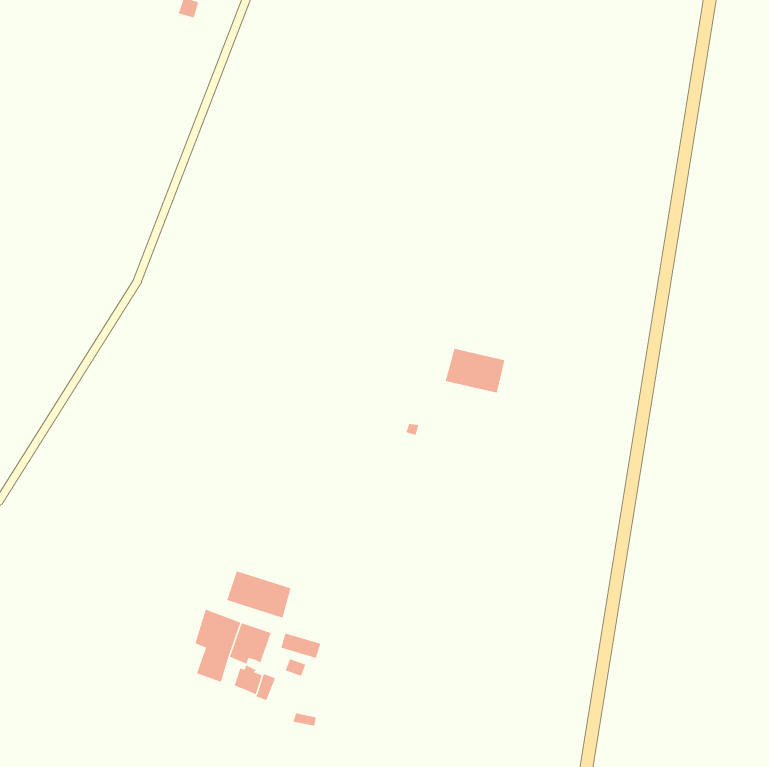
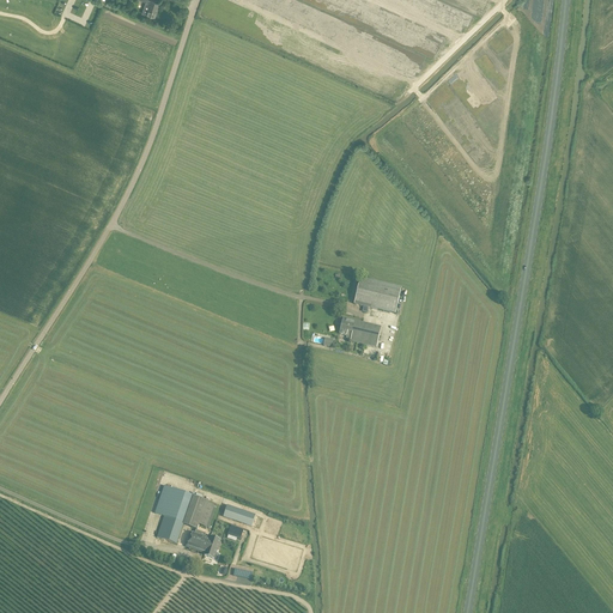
building: none -> [339,316,381,344]
building: [227,570,291,619] -> none

